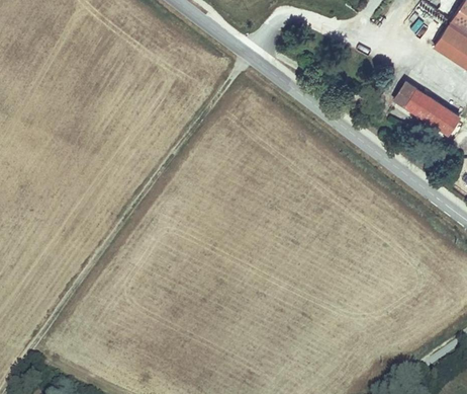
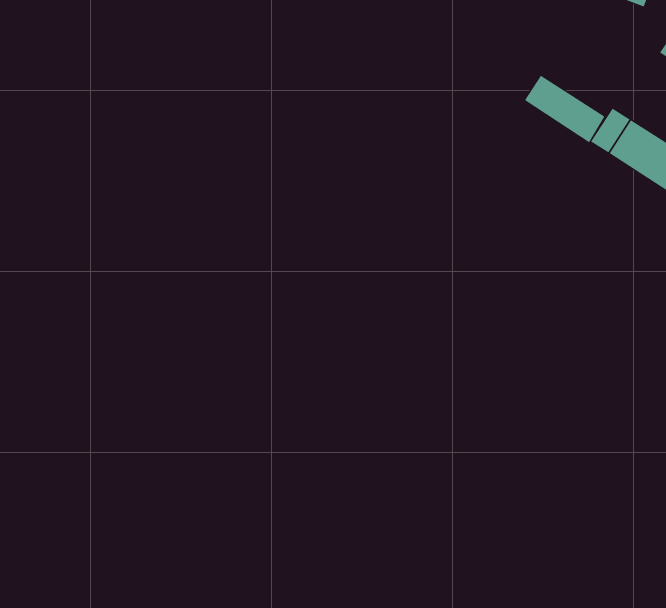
building: none -> [524,75,605,143]

